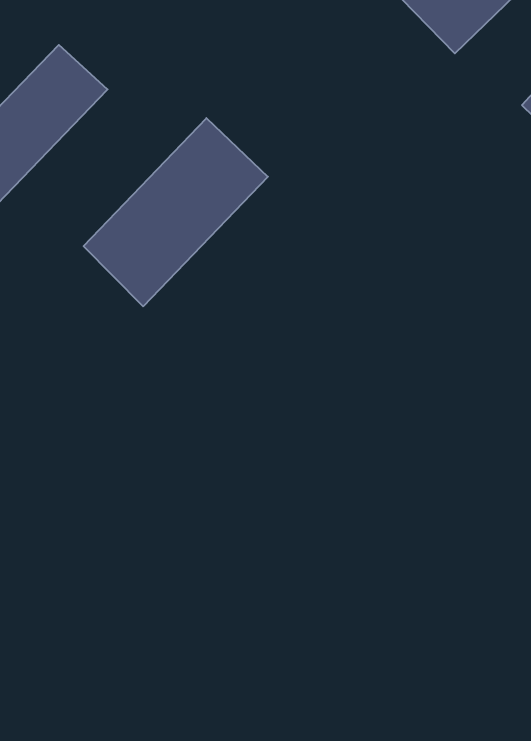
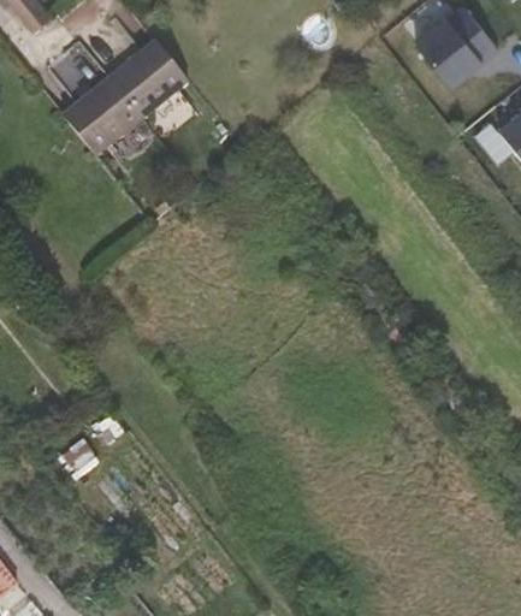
building: [84,118,268,306] -> none

